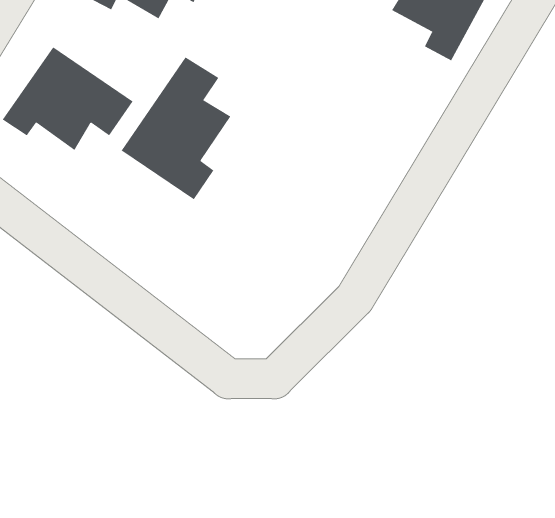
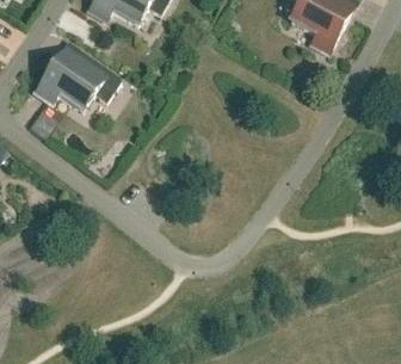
building: [121,57,231,200] -> none

